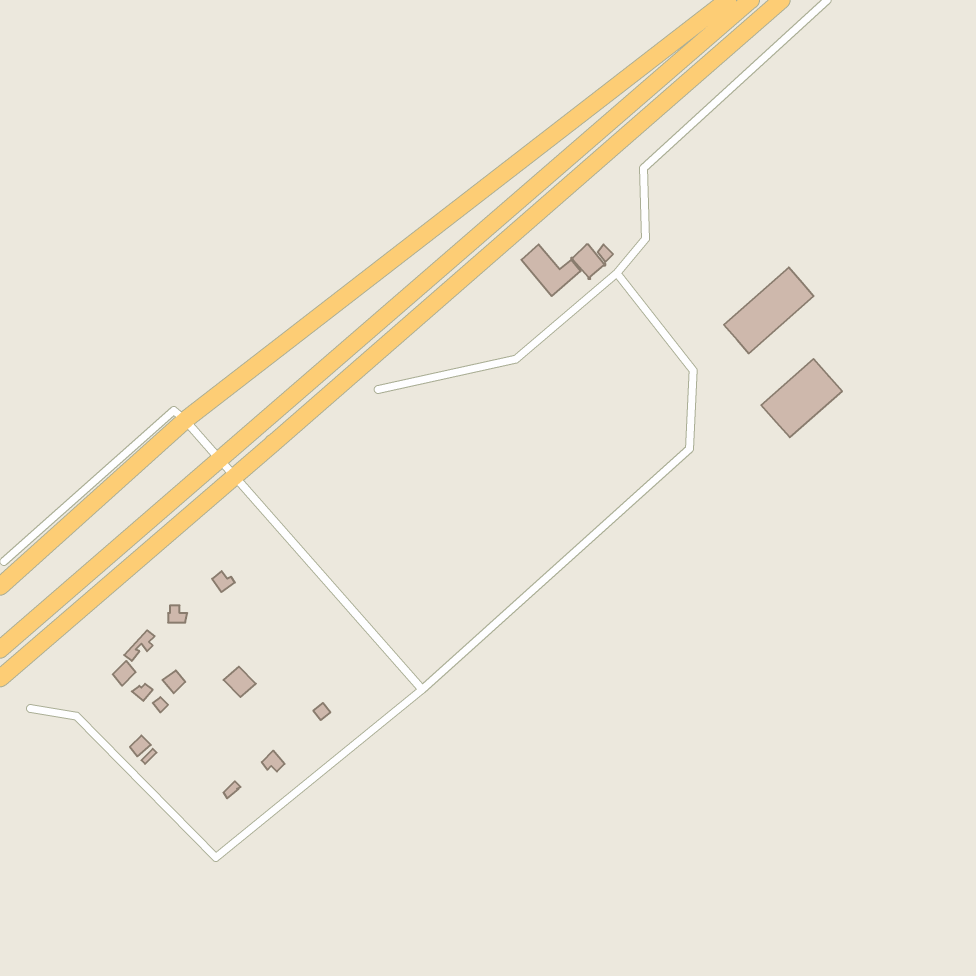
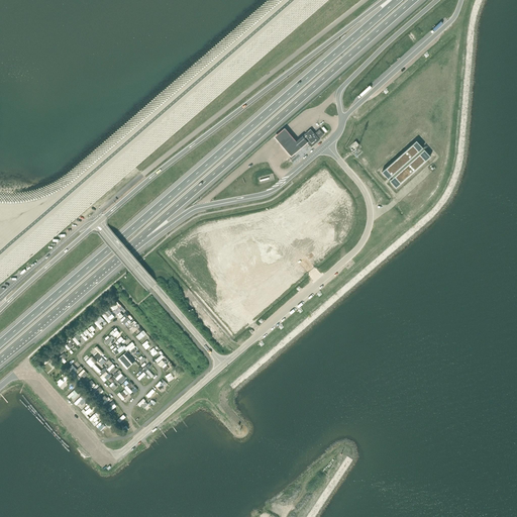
building: [761,359,842,437] -> none

